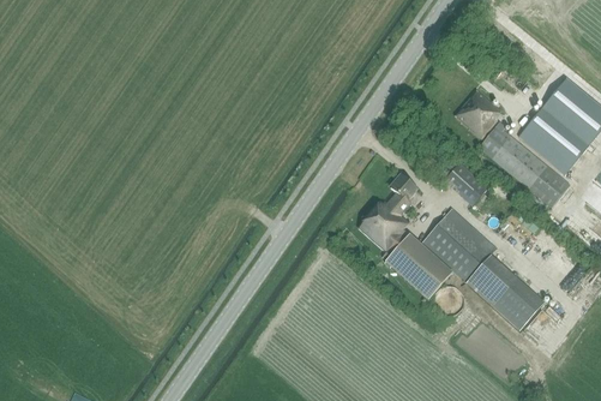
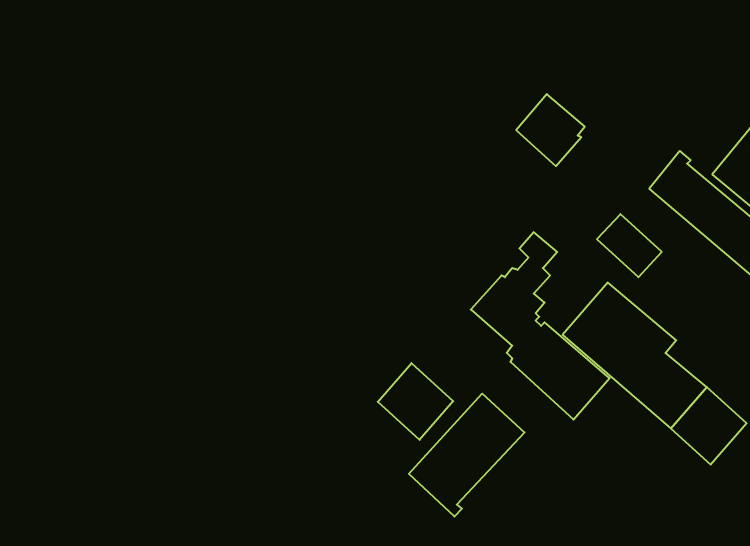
building: [455,90,500,138] -> [516,94,585,166]
building: none -> [378,363,453,440]
building: none -> [409,394,525,517]

